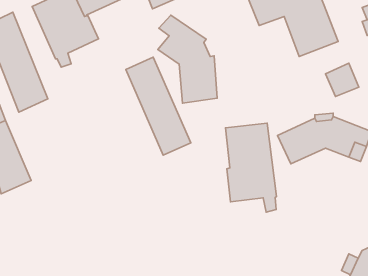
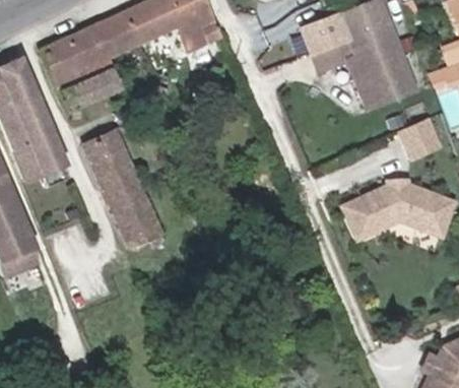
building: [158,15,217,103] -> none
building: [126,57,191,155] -> [83,128,162,248]
building: [225,123,276,212] -> none

